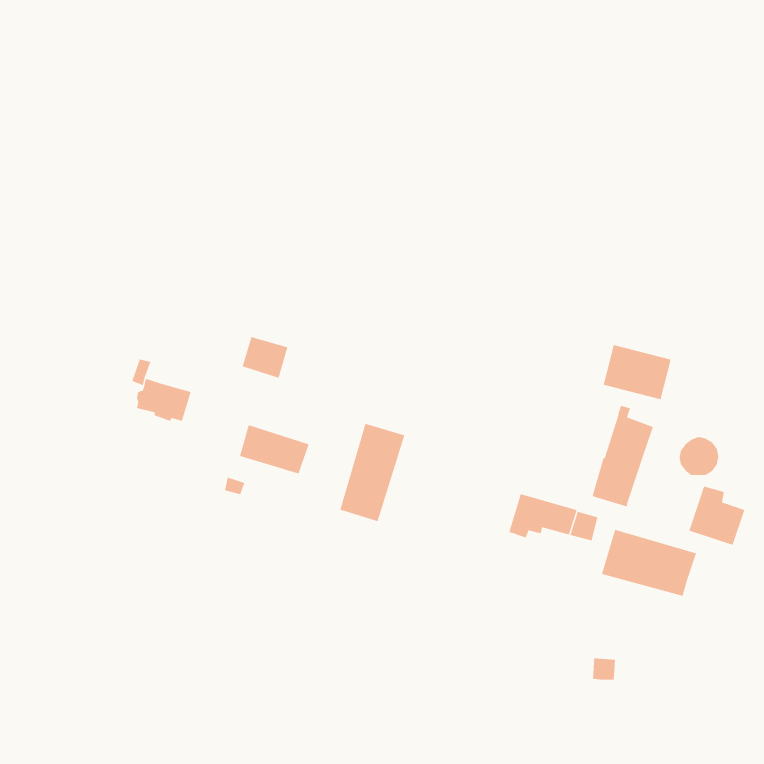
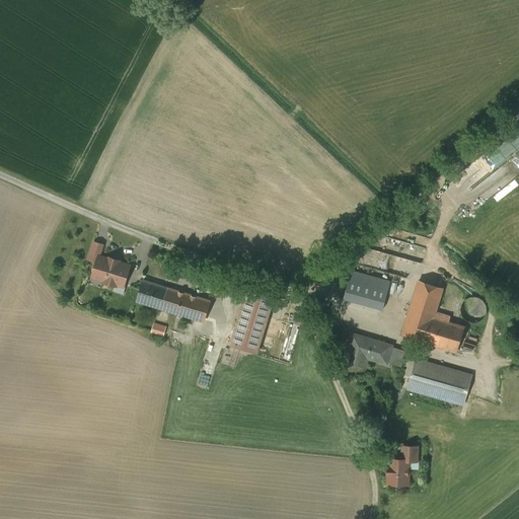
building: [242,337,288,378] -> [137,281,168,309]
building: [603,345,671,400] -> [344,272,390,309]
building: [688,486,745,546] -> [426,311,464,352]
building: none -> [388,459,409,485]

